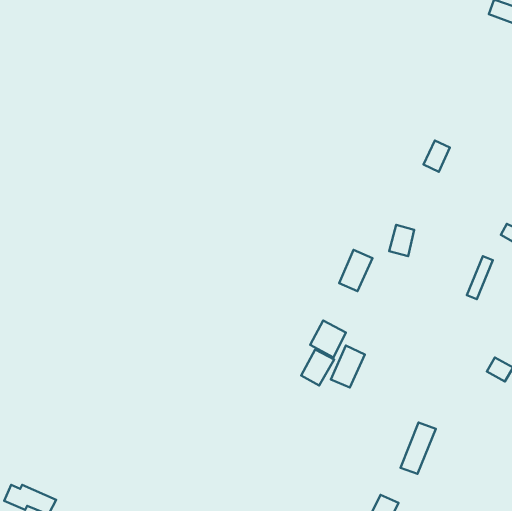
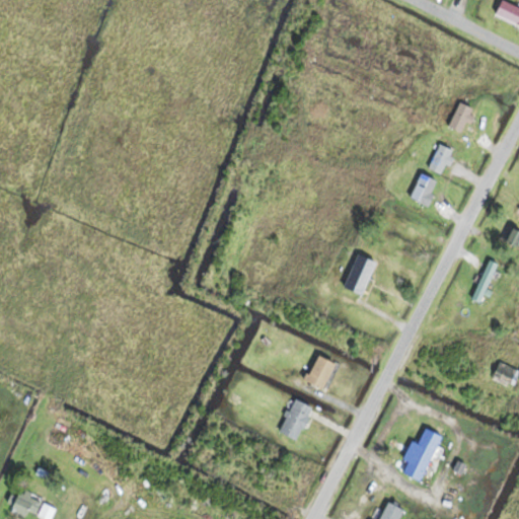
building: none -> [447,102,476,134]
building: [389,225,414,256] -> [412,174,437,206]
building: [310,321,346,357] -> none
building: [331,345,365,388] -> [279,398,313,441]

